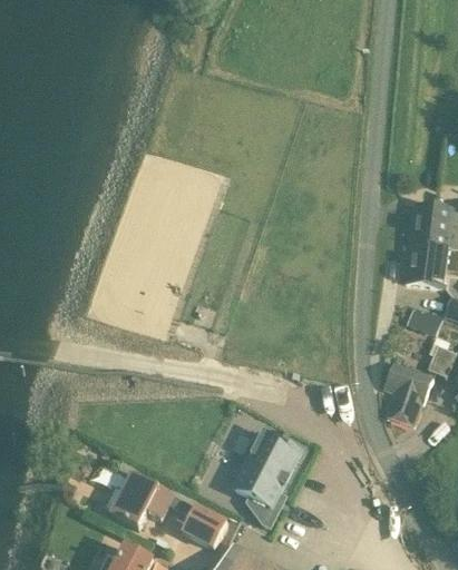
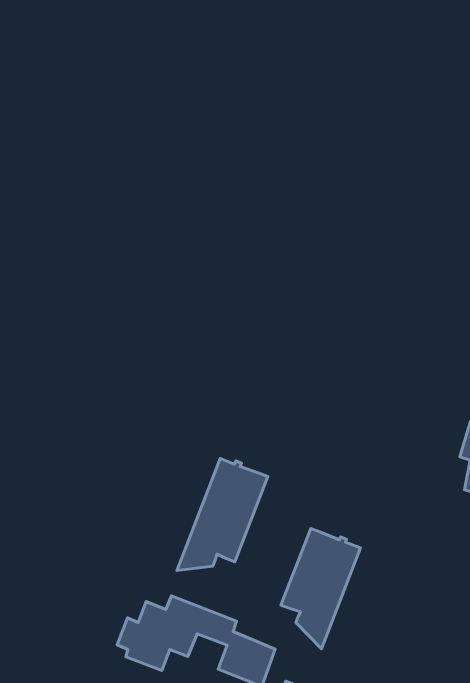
building: none -> [177,459,268,571]

